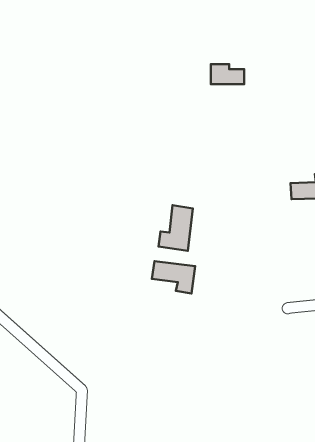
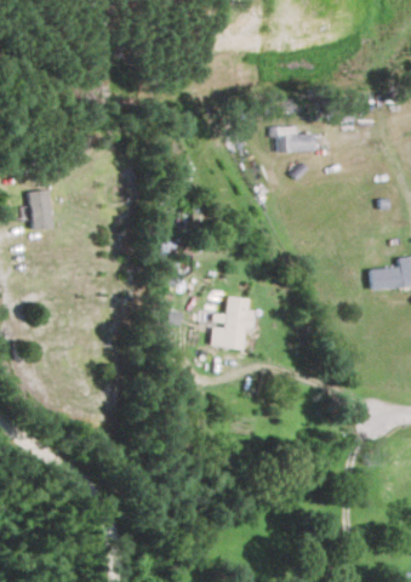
building: none -> [29,189,52,230]
building: [152,261,195,293] -> none

